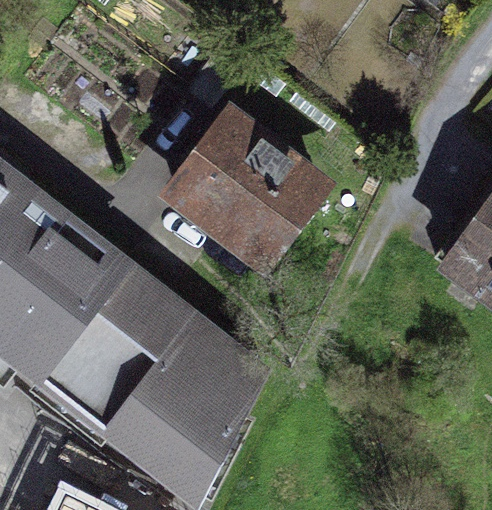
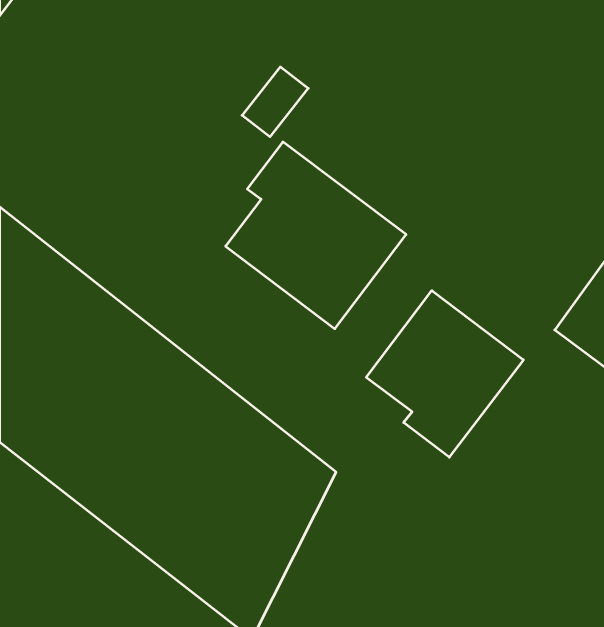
building: none -> [366,291,523,457]

